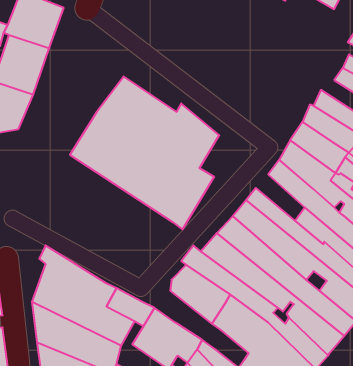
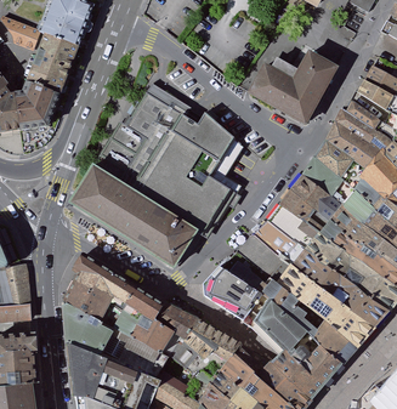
building: none -> [243,47,335,124]
building: none -> [78,159,203,261]
building: none -> [285,178,334,225]

